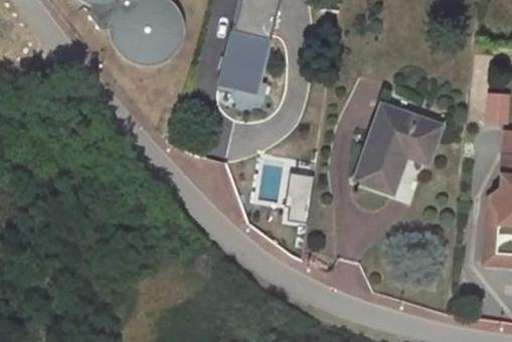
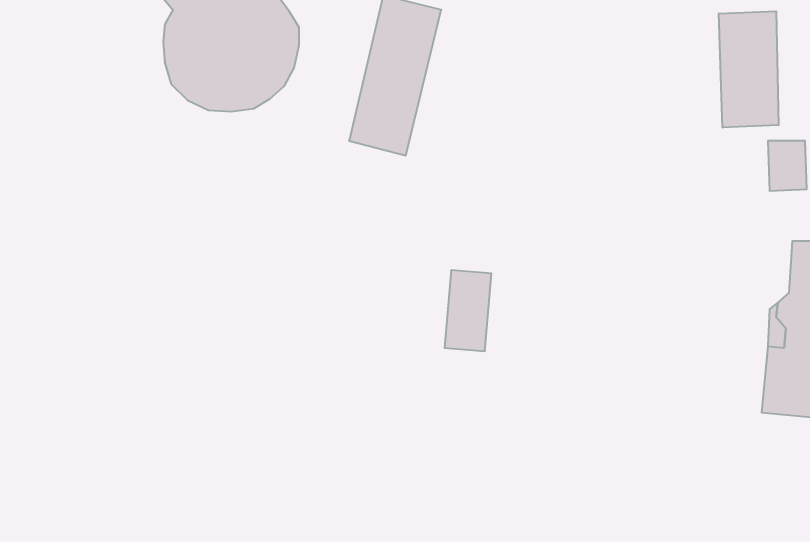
building: none -> [719,11,778,128]
building: [362,102,438,193] -> none

